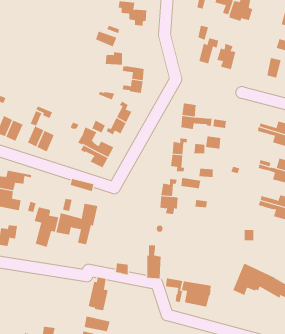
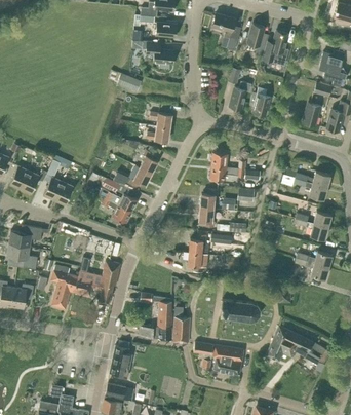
building: none -> [140,293,171,341]
building: none -> [220,300,260,322]

